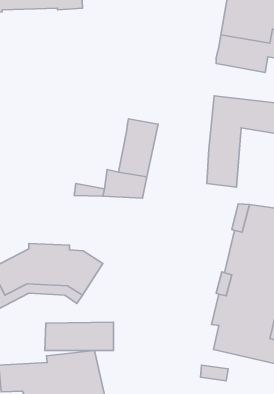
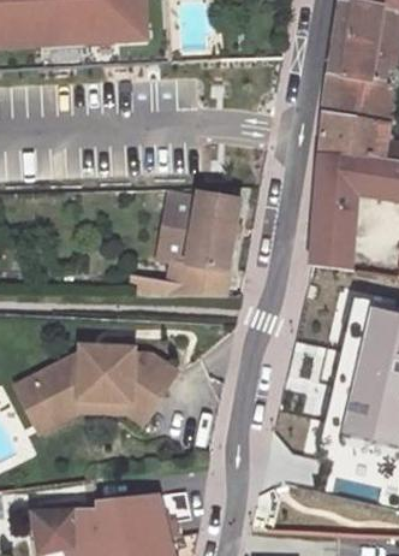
building: none -> [317,112,383,161]
building: none -> [163,185,204,254]
building: [45,322,114,351] -> none

